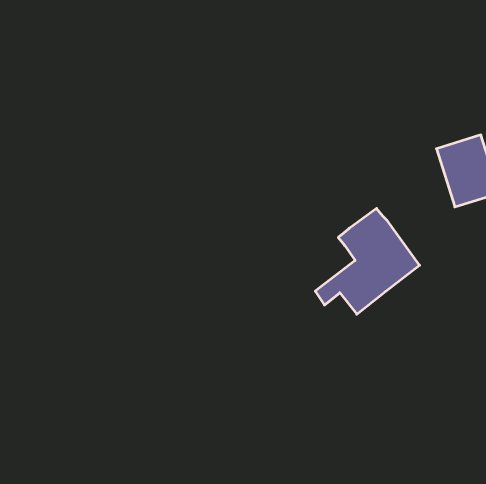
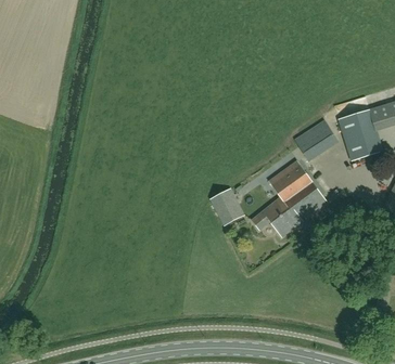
building: none -> [300,118,343,158]
building: none -> [209,187,245,224]

